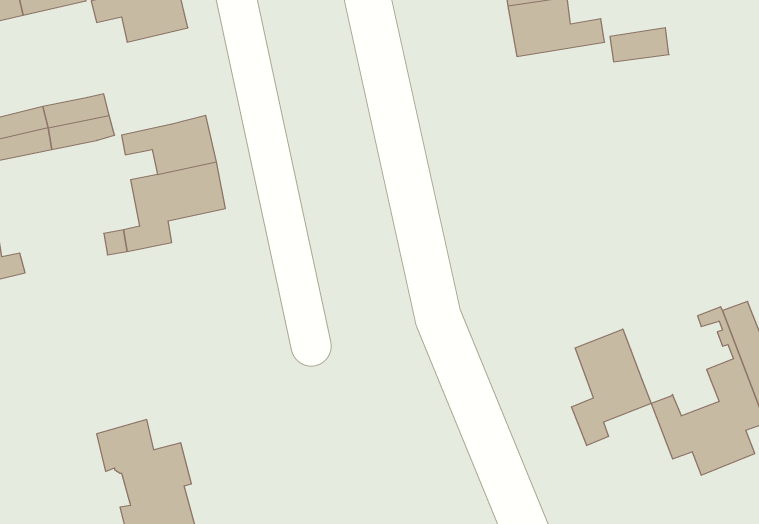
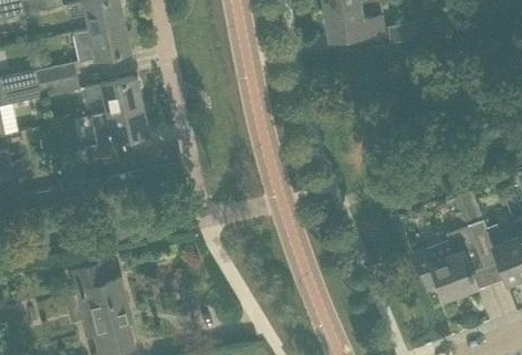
building: none -> [71,22,130,62]
building: [572,329,651,446] -> none

